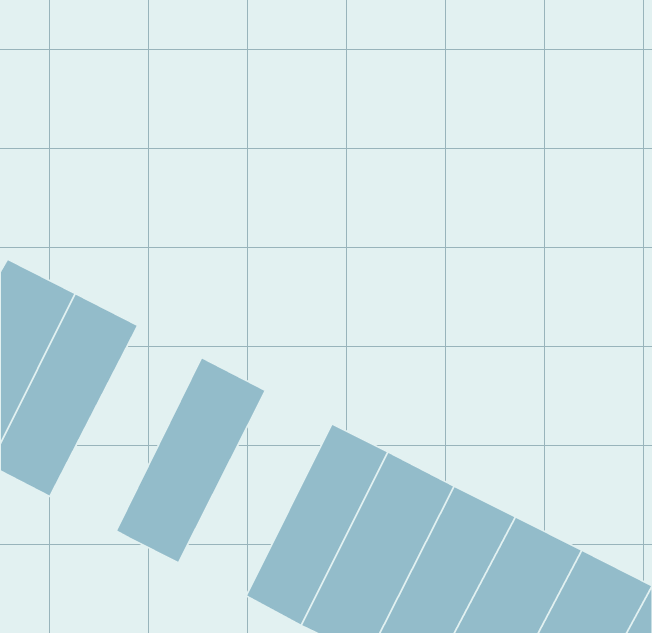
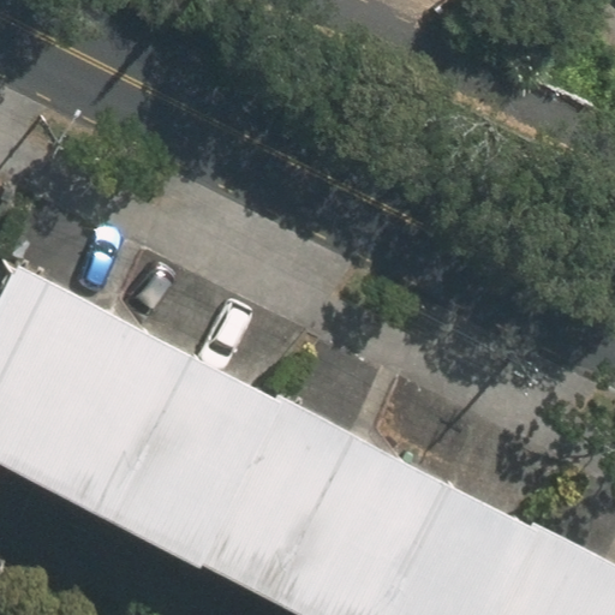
building: none -> [47,324,190,518]
building: none -> [168,386,312,579]

